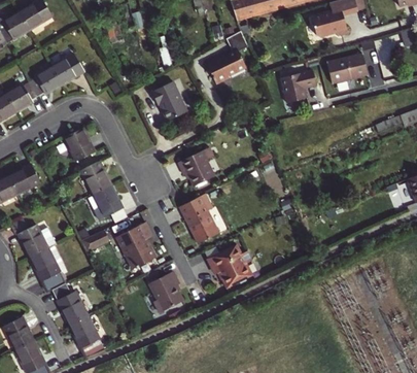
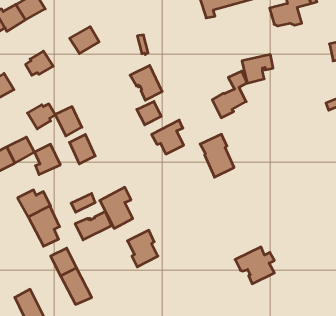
building: [206,32,246,86] -> [212,71,247,118]
building: [50,53,84,83] -> [70,27,99,54]
building: [326,54,367,83] -> none
building: [5,81,37,110] -> [27,104,55,129]
building: none -> [137,101,161,125]
building: [92,186,121,222] -> [34,144,60,175]
building: [179,193,218,242] -> [200,134,234,177]
building: [206,244,251,286] -> [235,247,274,284]
building: none -> [75,211,112,240]
building: [6,318,35,349] -> none

